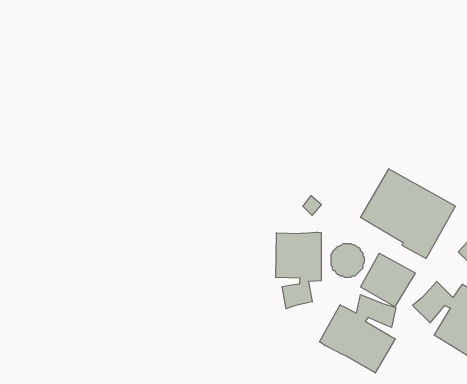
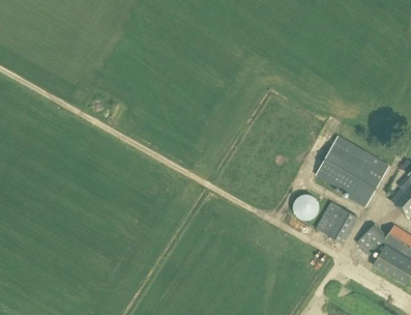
building: [276,232,321,309] -> none
building: [319,295,396,373] -> none

